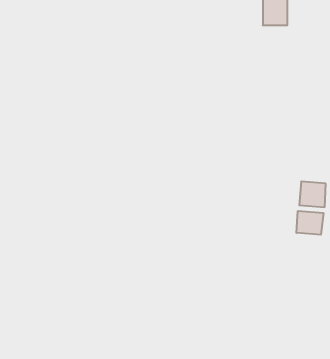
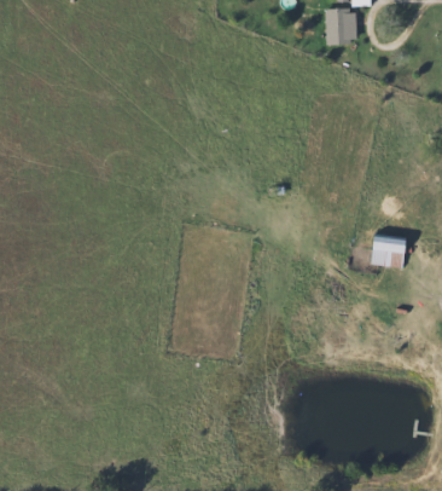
building: [296,211,323,235] -> none

